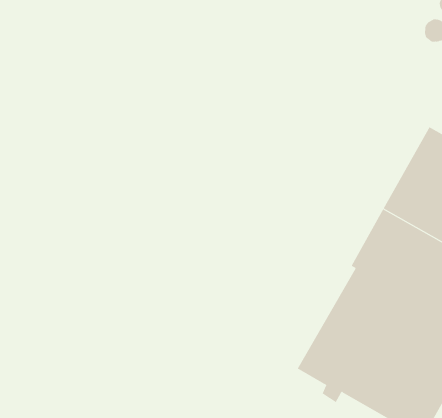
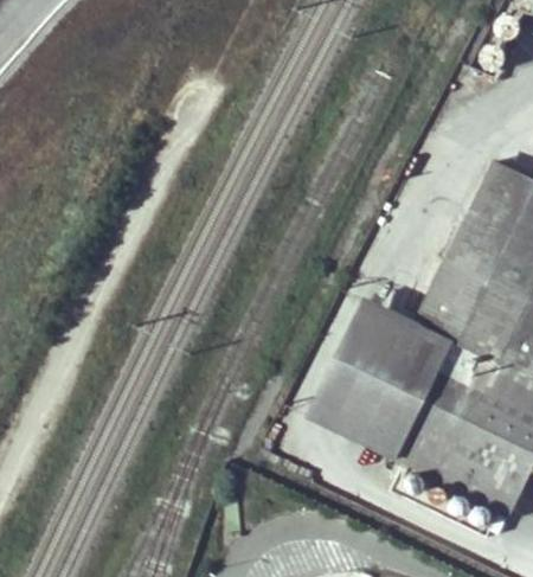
building: none -> [306,297,420,442]

